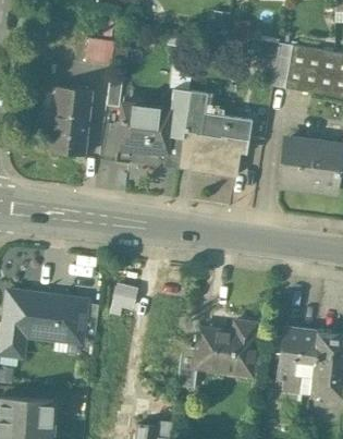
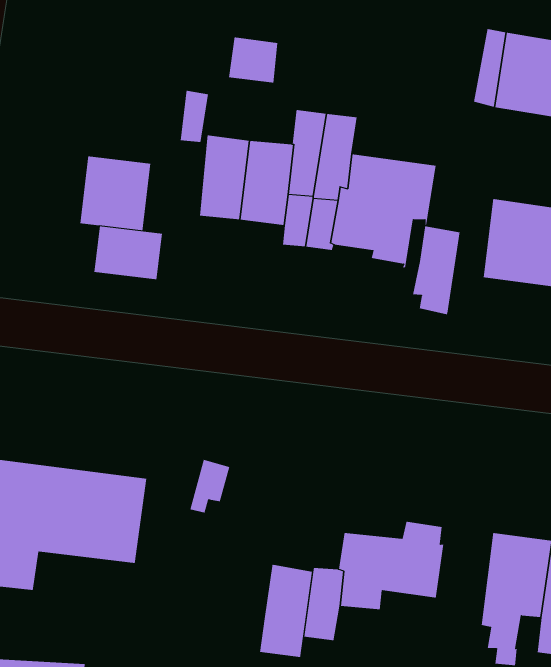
building: [86,37,114,63] -> [228,37,278,83]
building: [56,88,95,119] -> [93,226,163,280]
building: none -> [412,225,460,315]
building: none -> [260,564,313,658]

